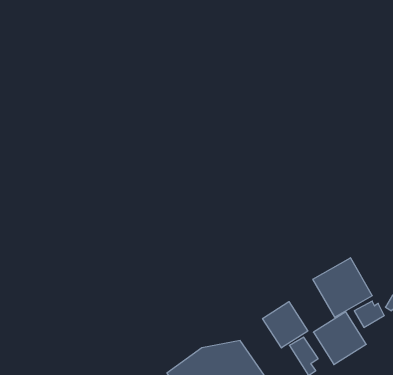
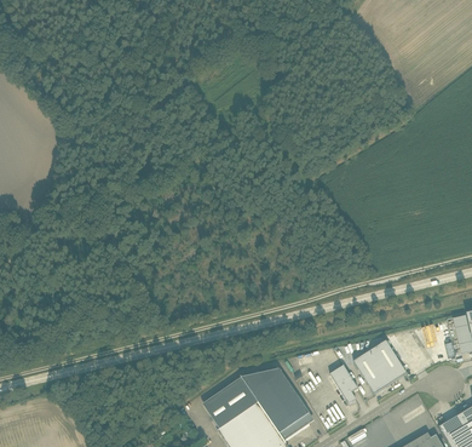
building: [313,258,372,317] -> none
building: [263,302,308,348] -> none

